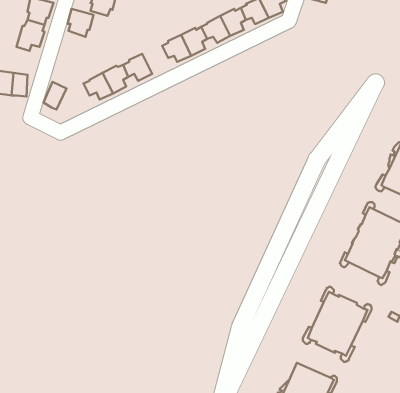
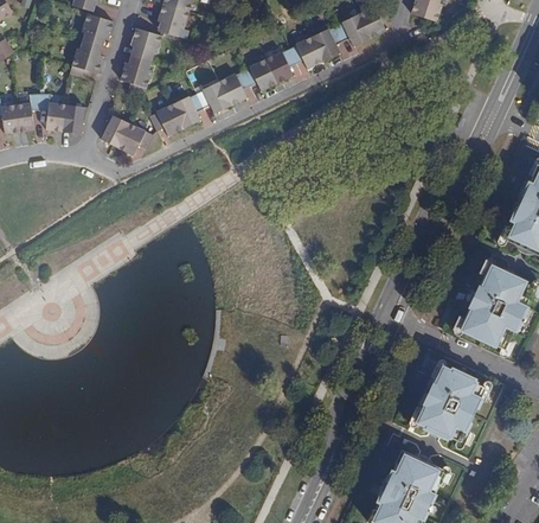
building: none -> [121,53,150,94]
building: none -> [218,71,249,104]
building: none -> [116,122,152,155]

